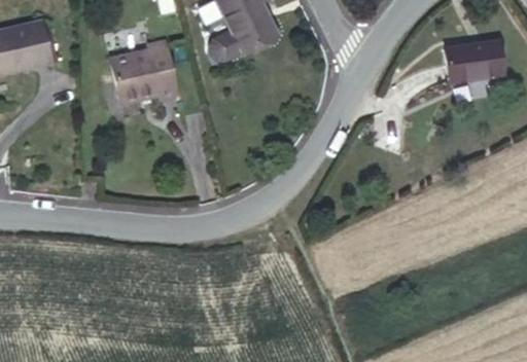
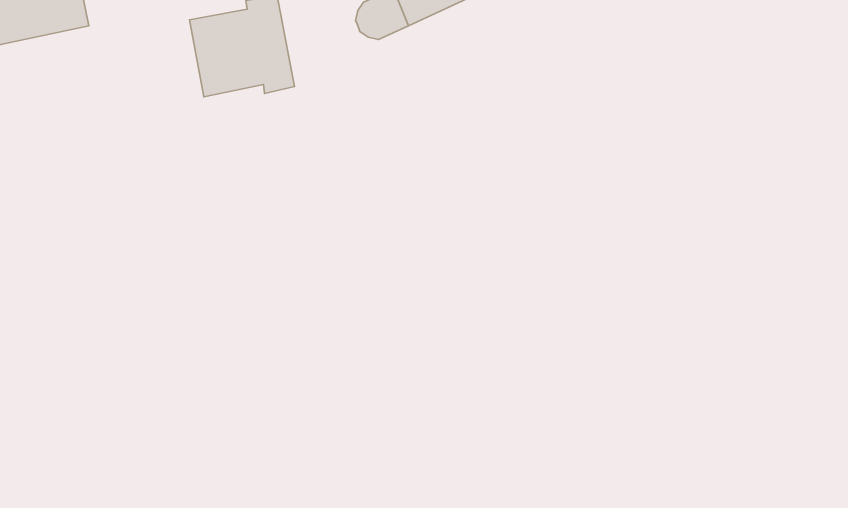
building: [446,36,501,76] -> none

